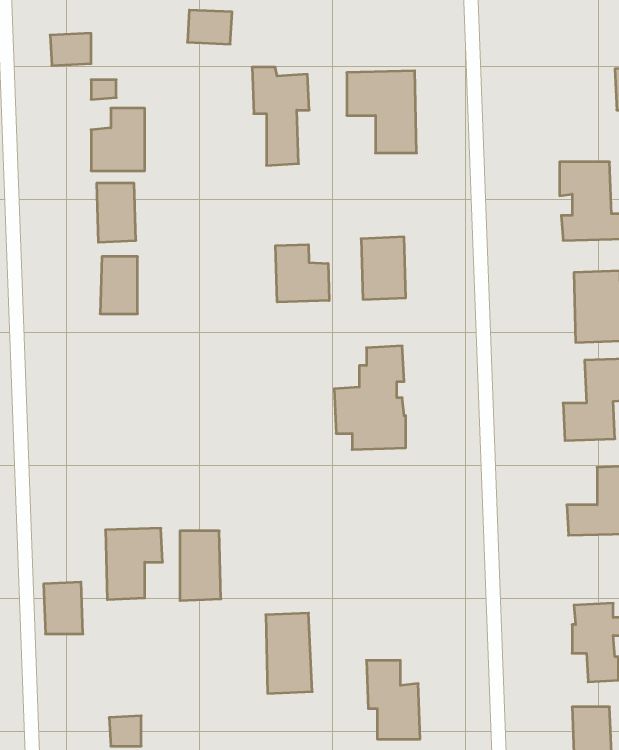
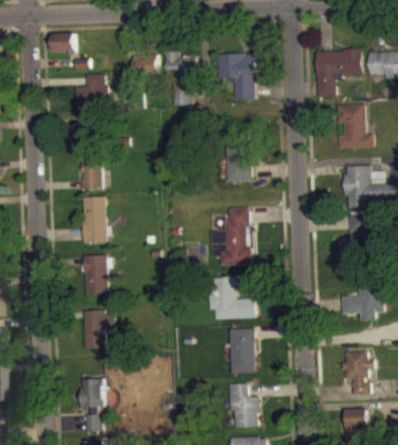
building: [187,10,232,44] -> [133,53,158,72]
building: none -> [316,49,362,96]
building: [276,245,329,302] -> none
building: none -> [82,196,106,242]
building: none -> [210,276,255,319]
building: [180,531,221,601] -> [84,255,107,294]
building: [44,582,83,634] -> [82,378,104,407]
building: [266,613,312,693] -> [229,328,255,373]

